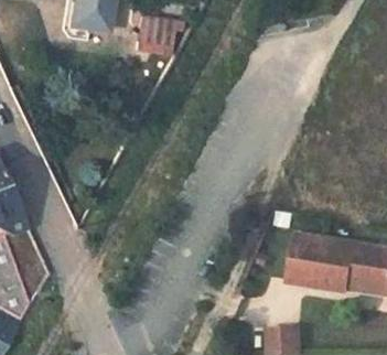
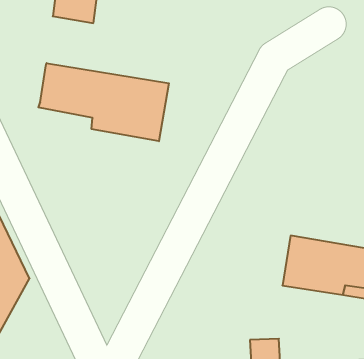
building: [133,15,172,52] -> none
building: none -> [38,63,169,141]

